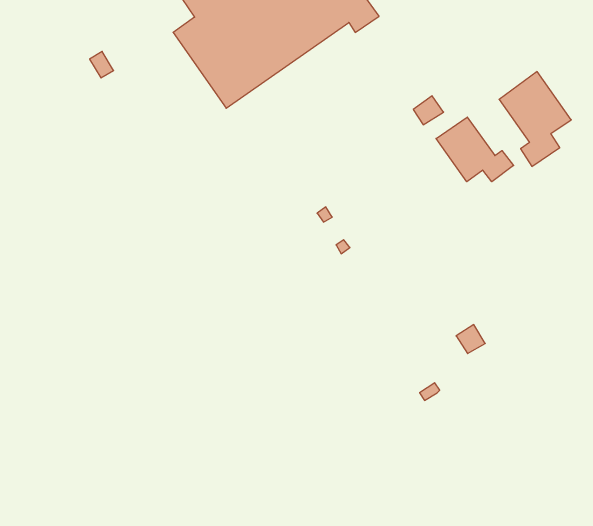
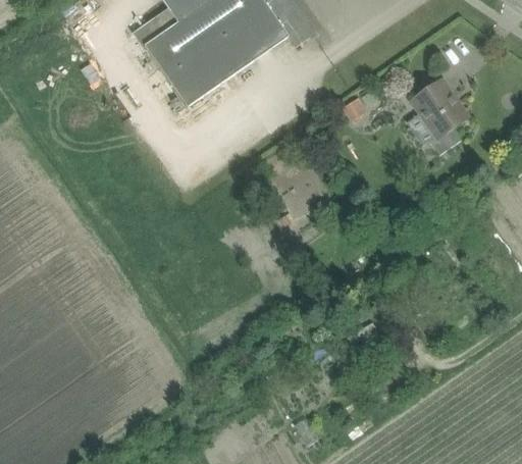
building: [436,117,514,182] -> none

